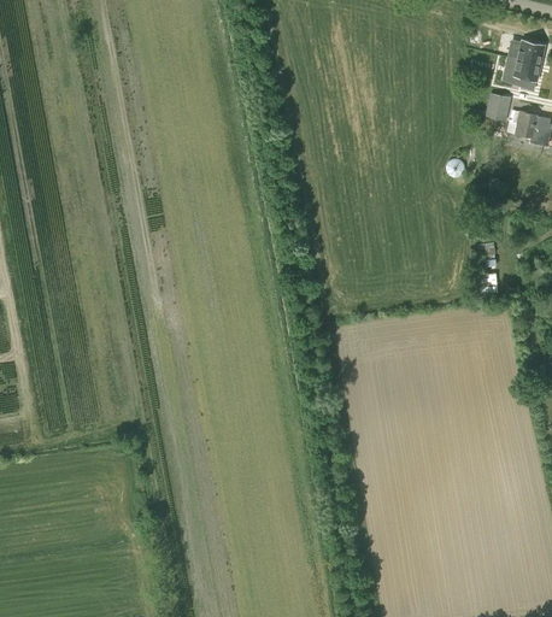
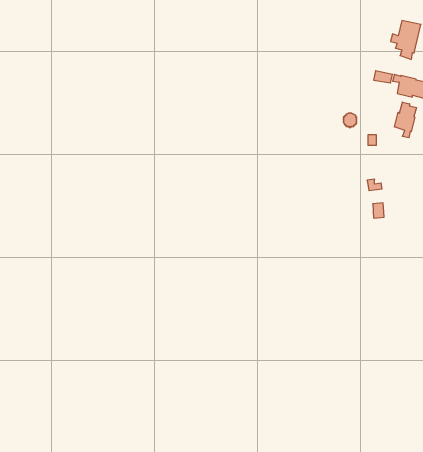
building: none -> [394,102,417,138]

